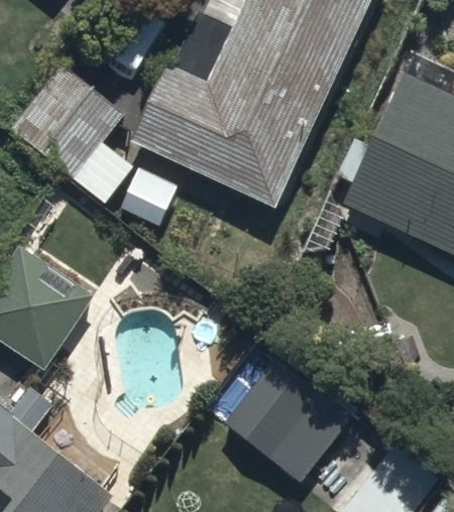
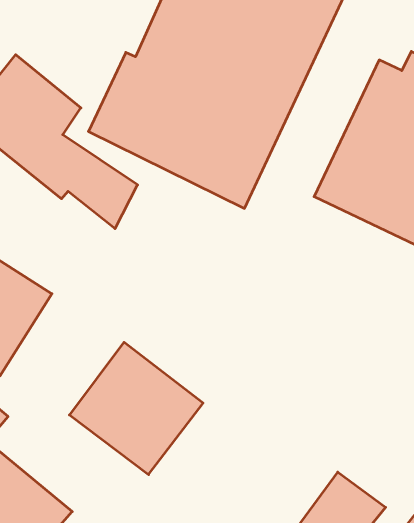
building: [225,356,351,481] -> [69,342,203,475]

